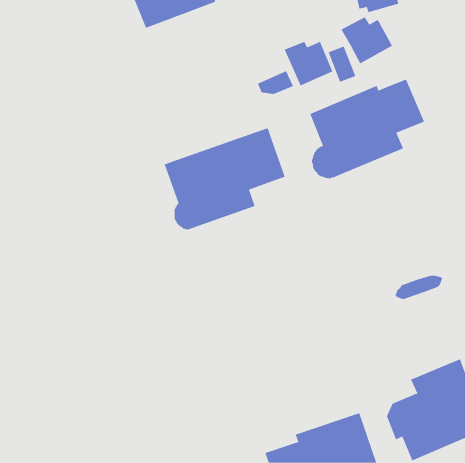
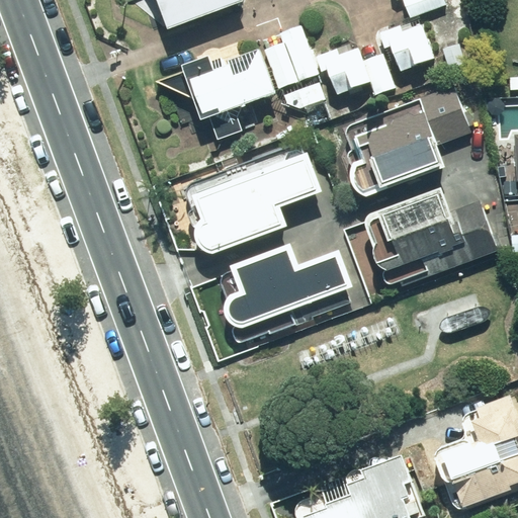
building: none -> [266,22,321,86]
building: none -> [157,54,274,138]
building: none -> [359,191,503,289]
building: none -> [229,250,350,327]

